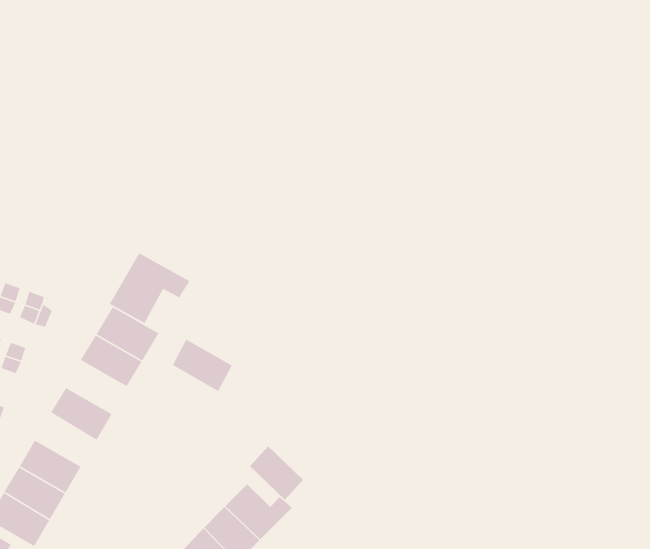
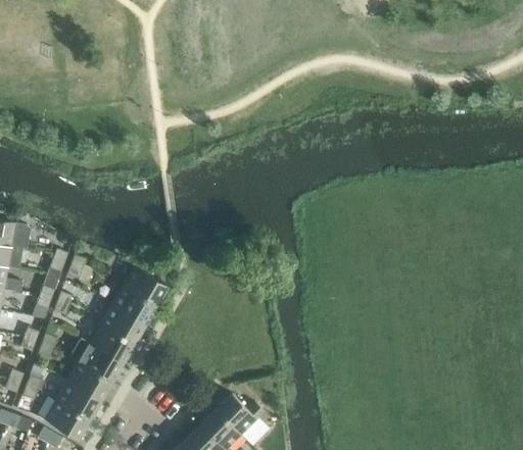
building: [109,252,191,324] -> none
building: [172,338,233,392] -> [100,305,144,344]
building: none -> [69,339,123,382]
building: [249,446,304,500] -> none

